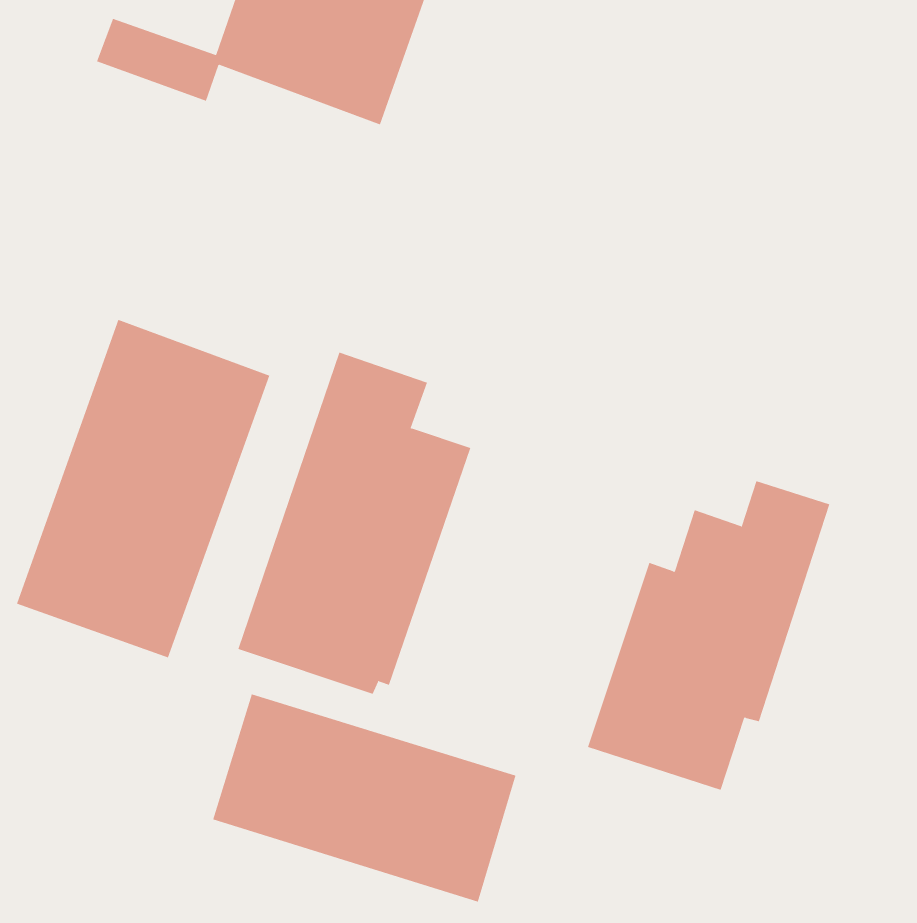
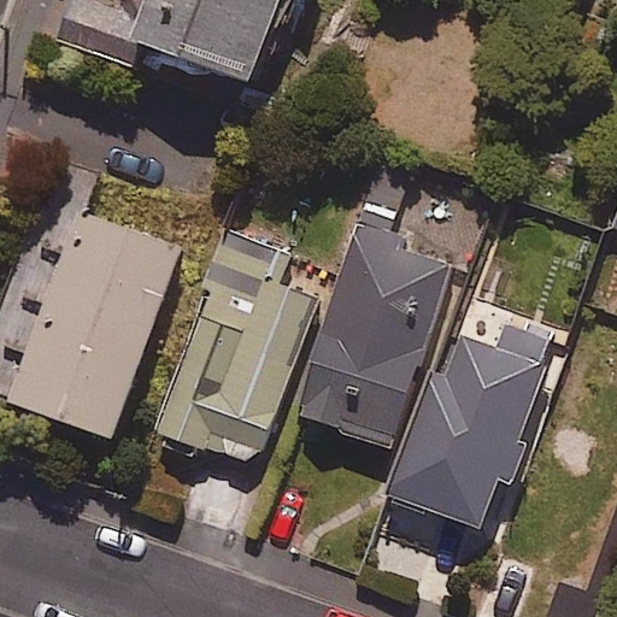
building: none -> [293,172,448,447]
building: [212,693,516,902] -> none

